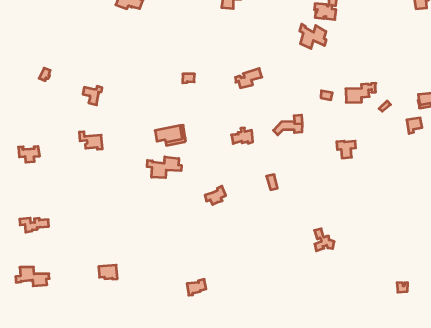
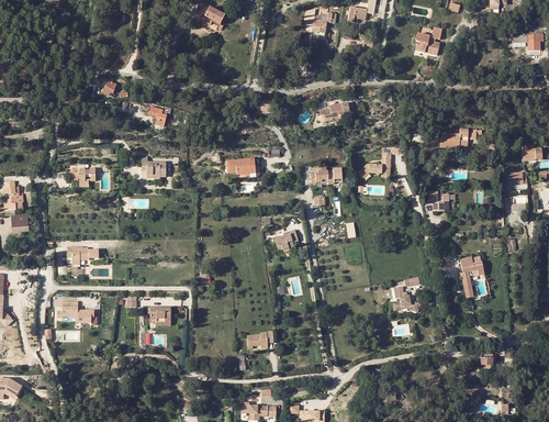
building: [300,24,326,49] -> none
building: [147,157,181,178] -> none
building: none -> [459,254,483,292]

